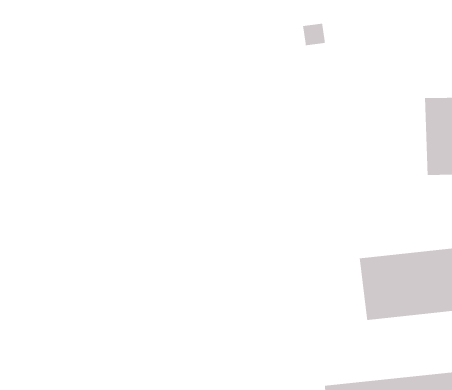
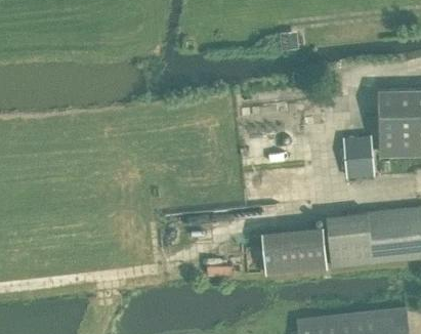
building: none -> [343,138,374,178]
building: none -> [261,226,327,275]

